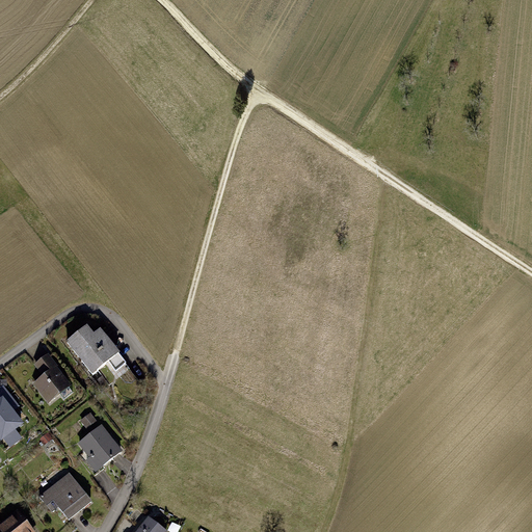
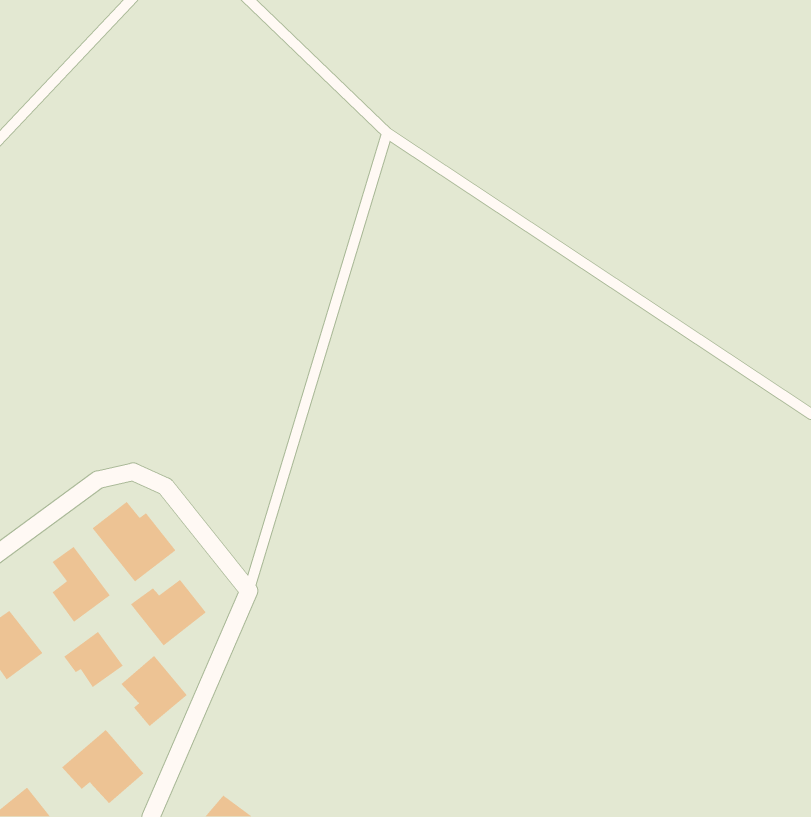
building: none -> [130,579,207,647]
building: none -> [63,631,124,688]

